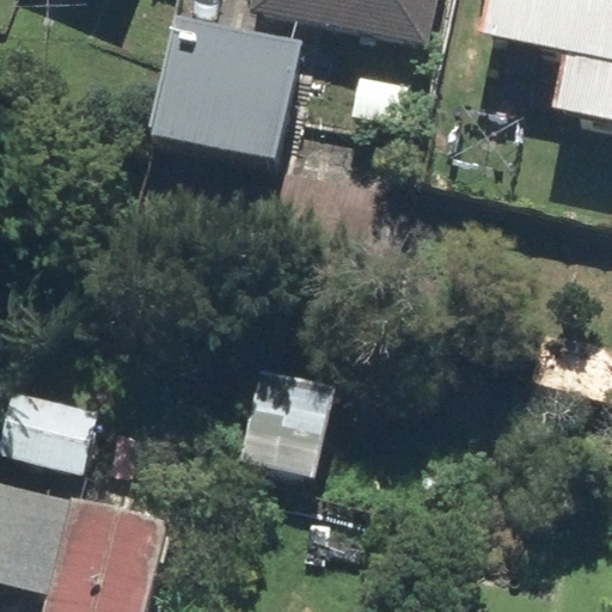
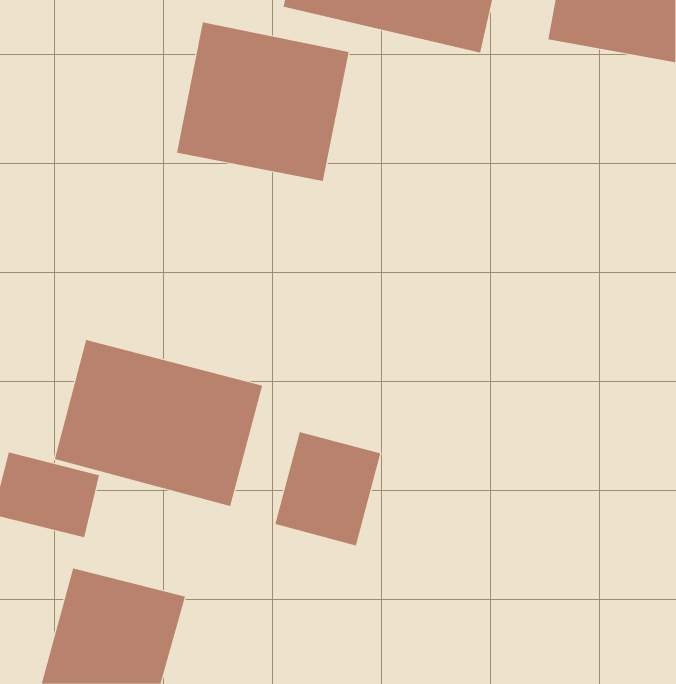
building: none -> [54,339,263,507]

